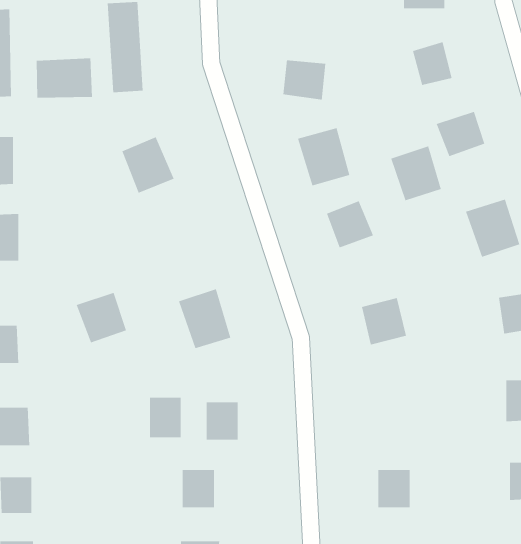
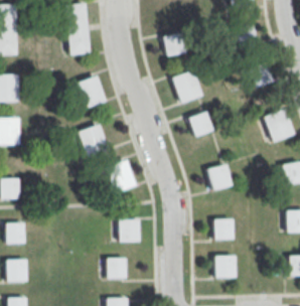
building: [36,57,93,98] -> none
building: [391,146,441,201] -> none
building: [76,292,127,343] -> [78,124,106,152]
building: [149,397,181,438] -> none
building: none -> [215,221,234,242]

